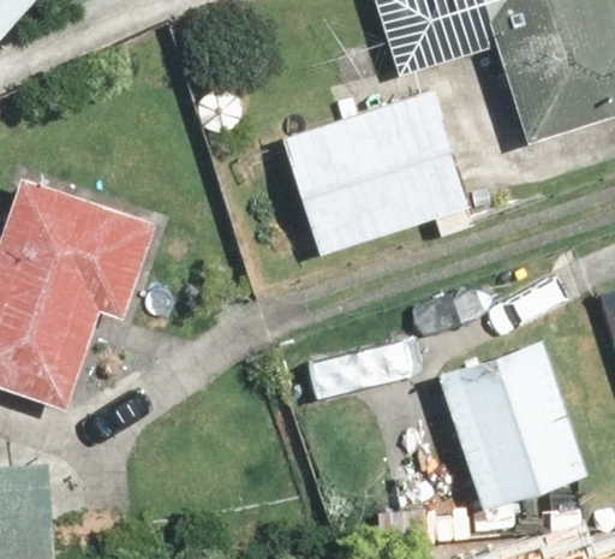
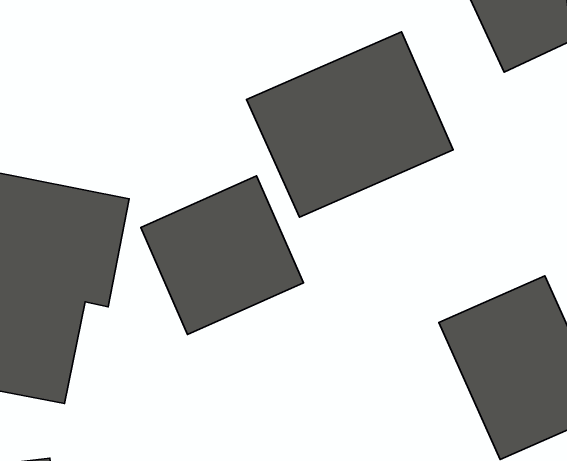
building: none -> [141,176,304,335]

